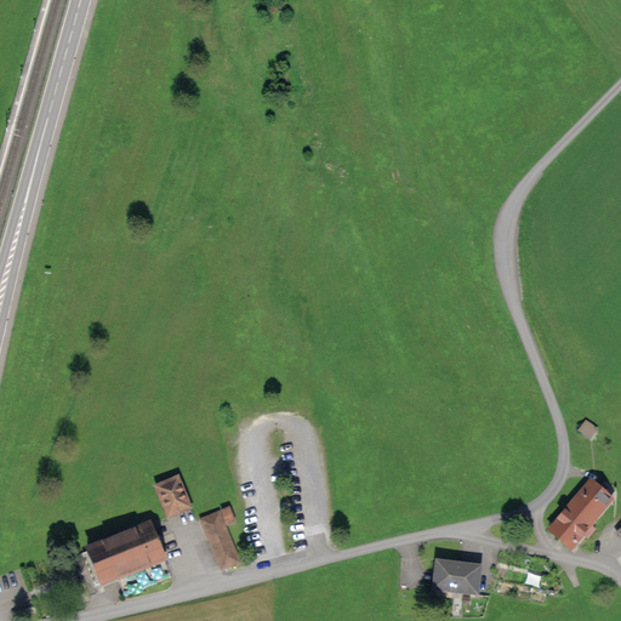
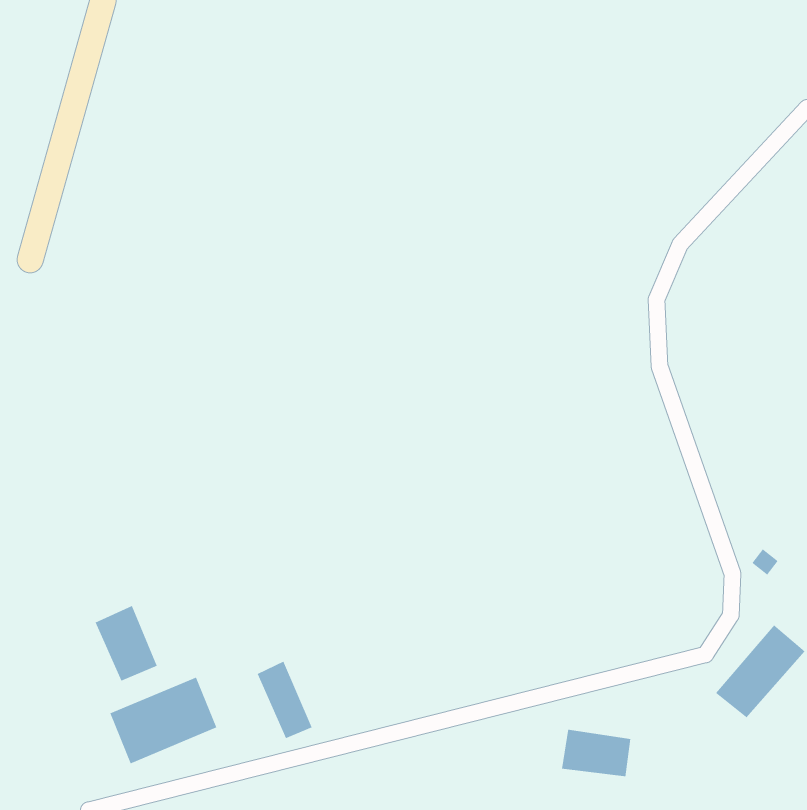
building: none -> [95,605,158,681]
building: [152,471,190,514] -> none

